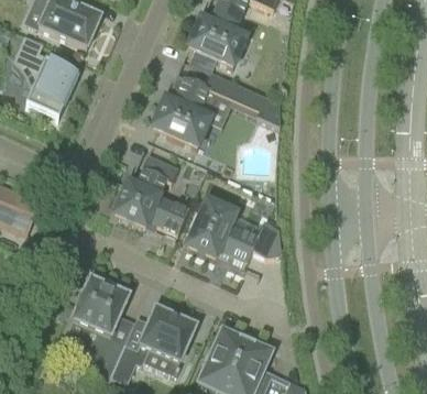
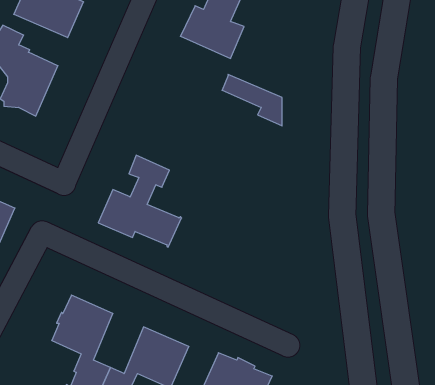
building: [152,73,219,146] -> none
building: [186,201,281,271] -> none

